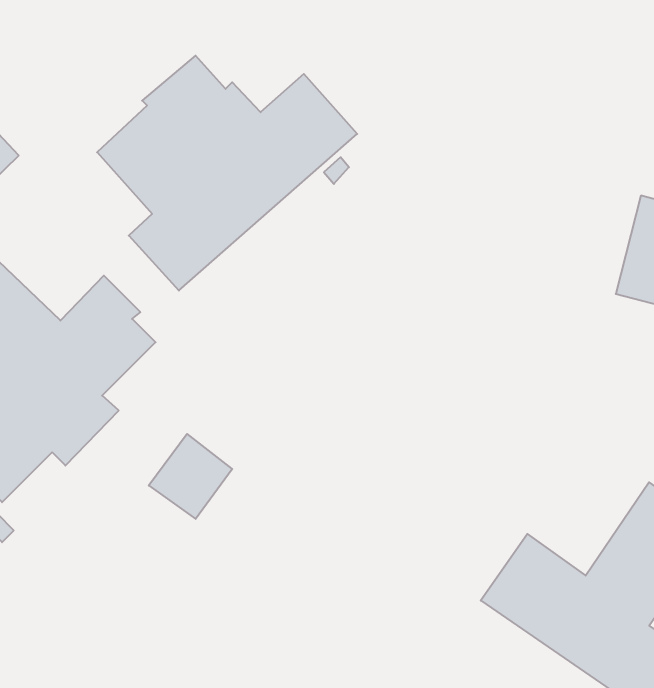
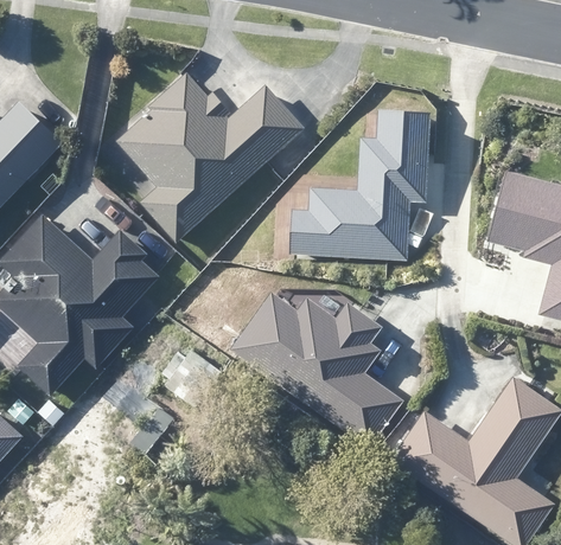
building: none -> [289,108,426,259]
building: none -> [231,291,400,445]

